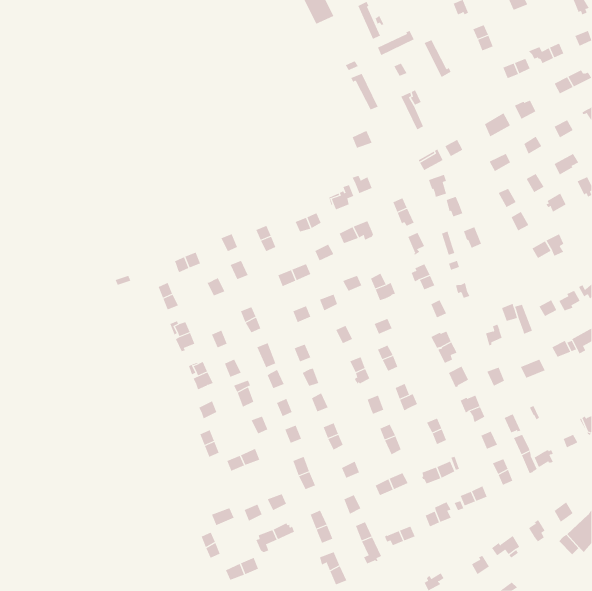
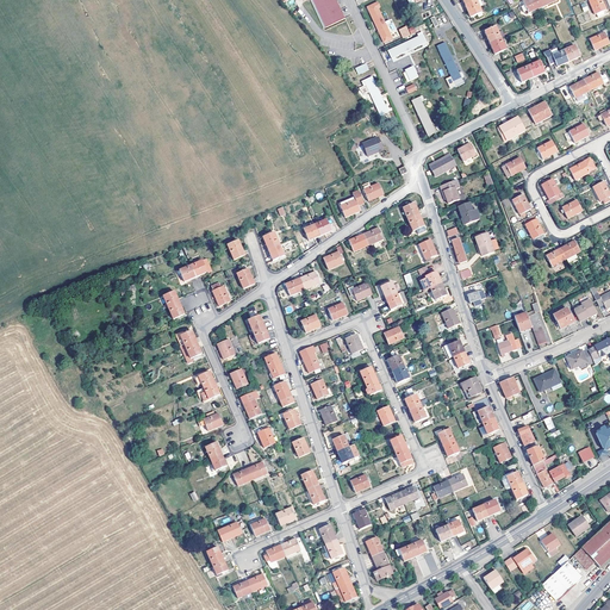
building: none -> [541,561,581,600]

